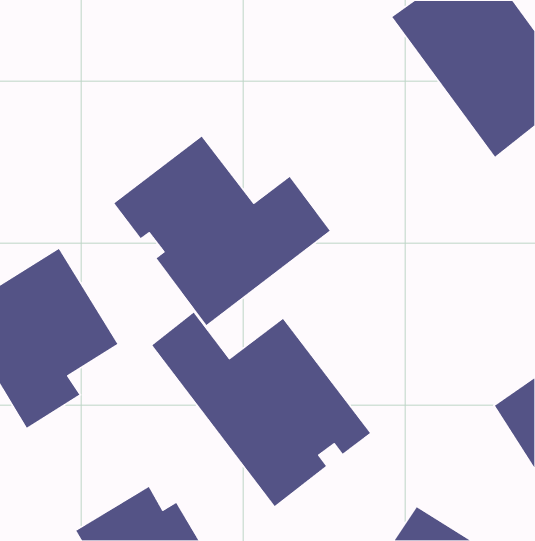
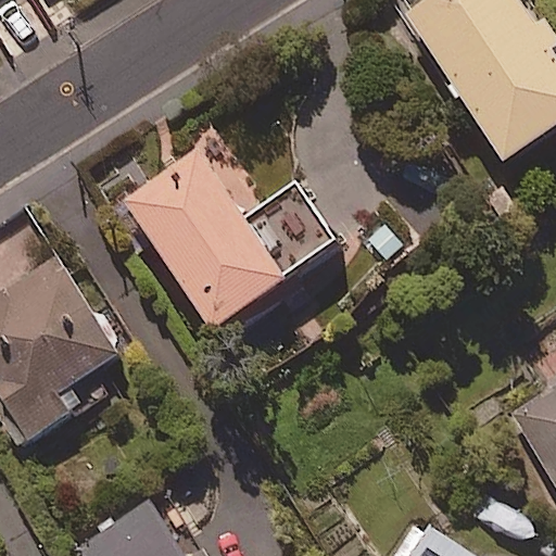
building: [151,312,371,507] -> none

